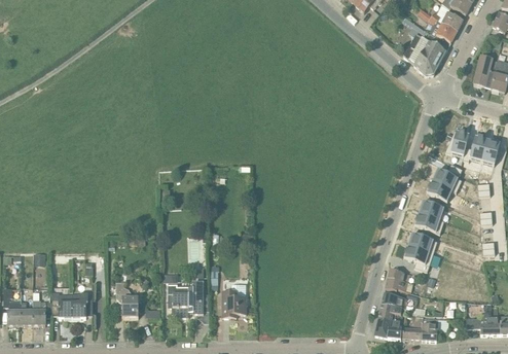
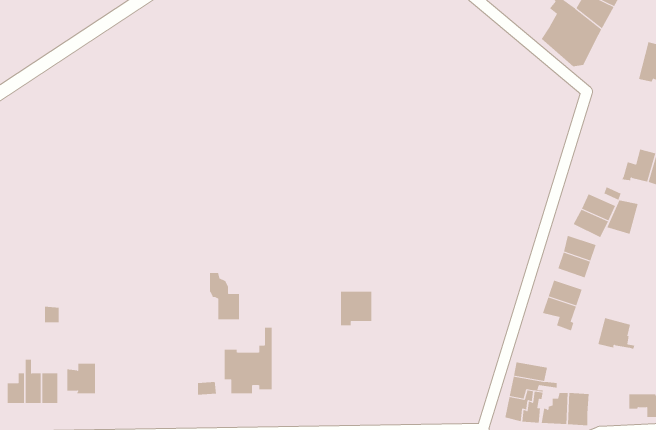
building: [445,131,469,156] -> [606,200,638,235]
building: [385,269,412,292] -> [598,318,635,350]
building: [116,282,139,317] -> [209,272,240,320]
building: [222,291,246,317] -> [340,291,372,326]
building: [73,294,93,317] -> none

